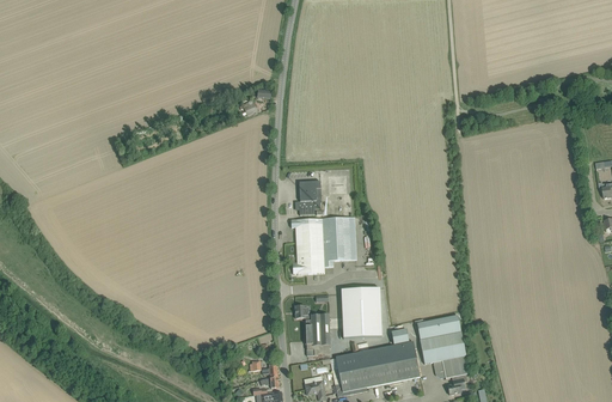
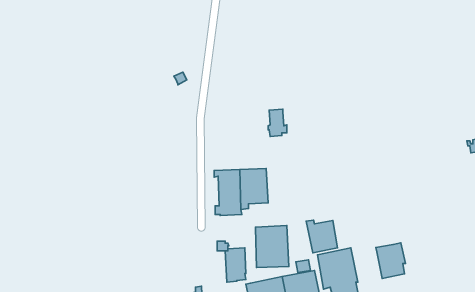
building: [296,181,319,214] -> [268,109,287,137]
building: none -> [306,220,338,253]
building: none -> [376,243,405,279]

